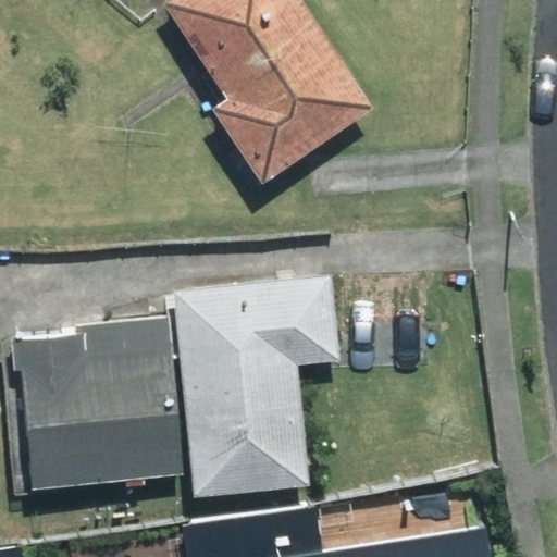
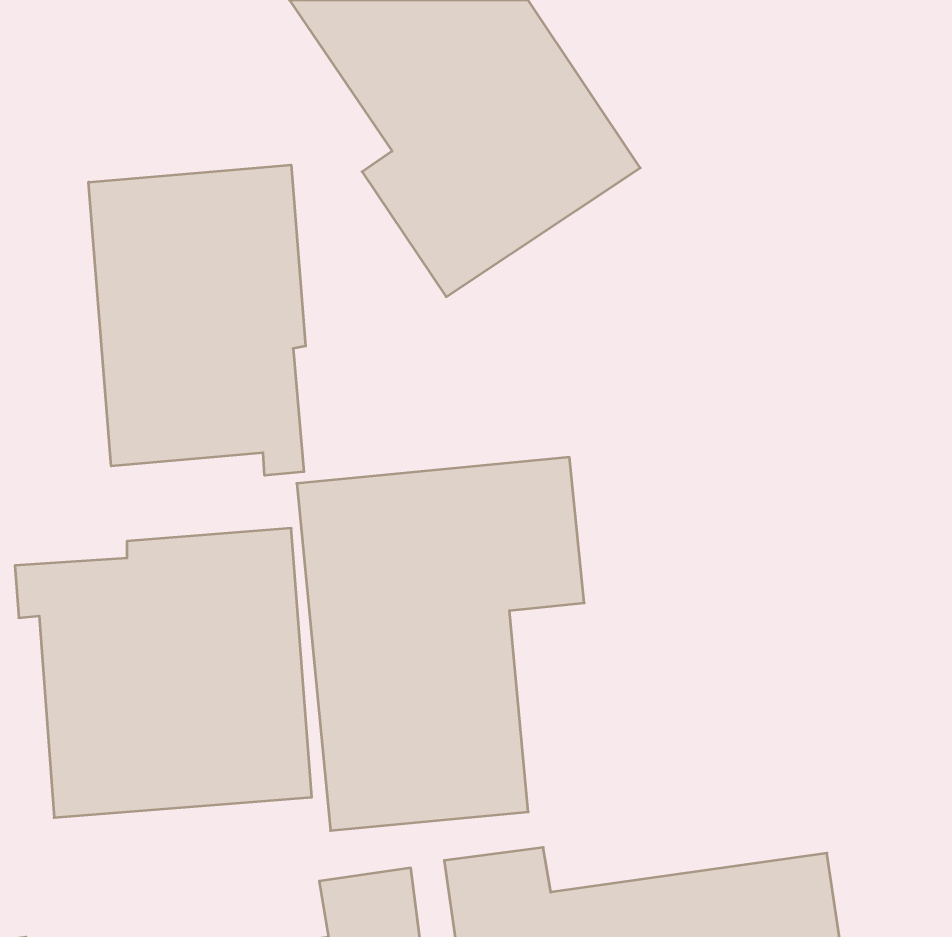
building: none -> [89,165,306,475]

